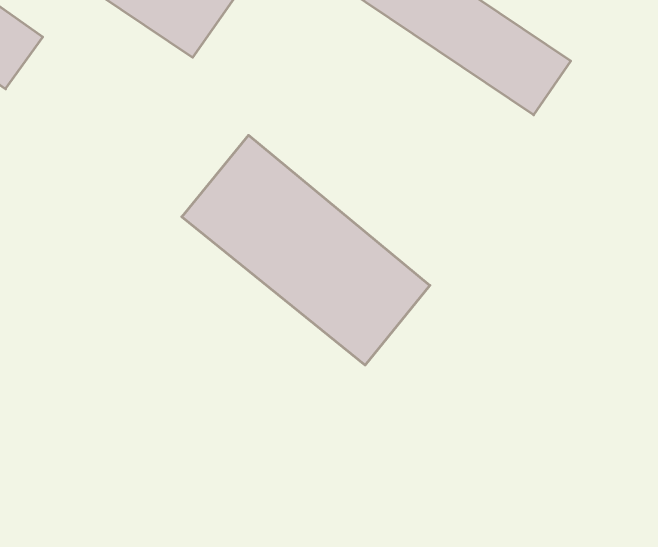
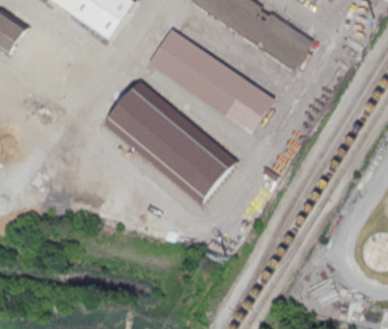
building: none -> [148,28,275,133]

